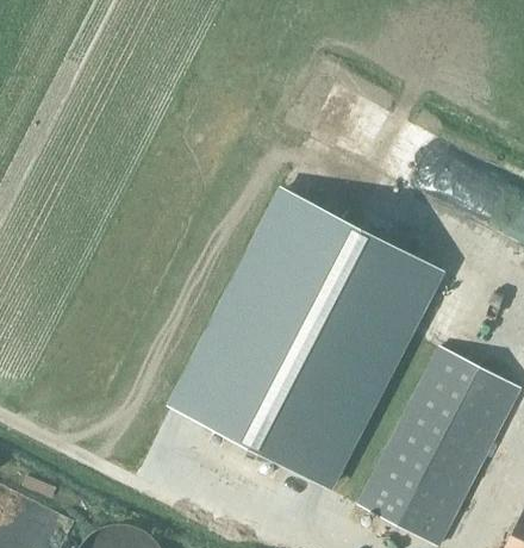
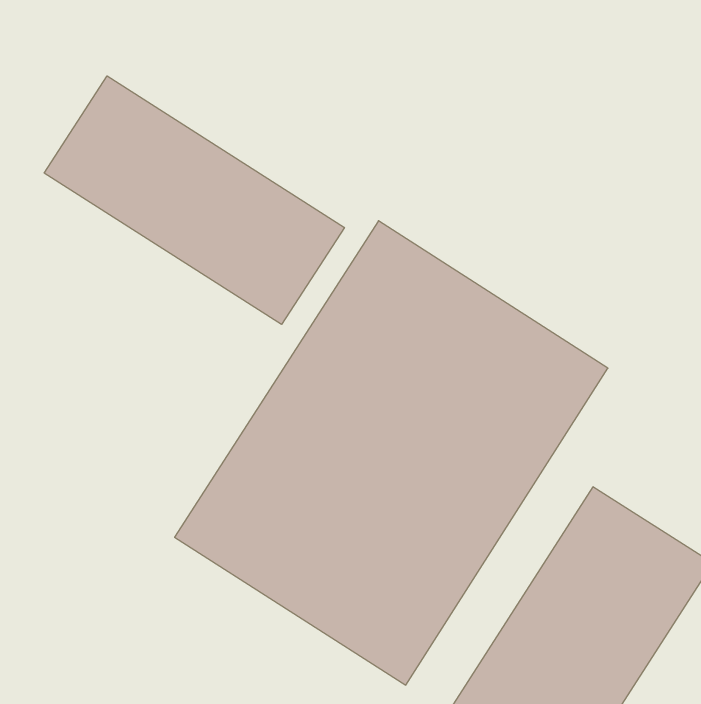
building: none -> [44,76,344,324]

